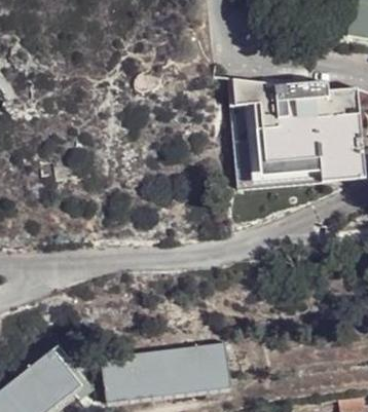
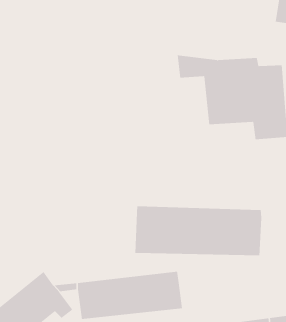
building: [228,102,322,188] -> none
building: none -> [135,206,262,256]

